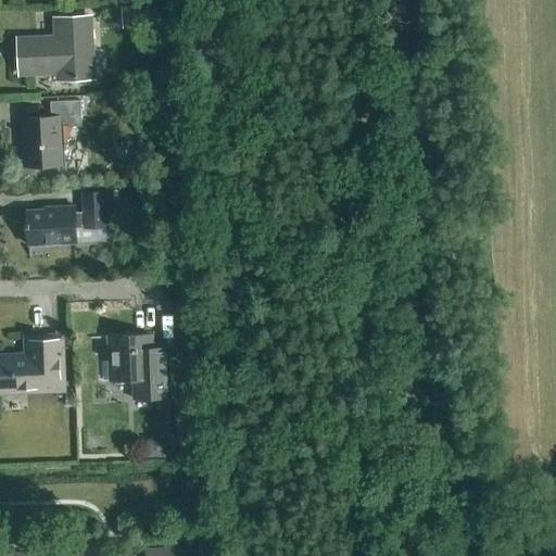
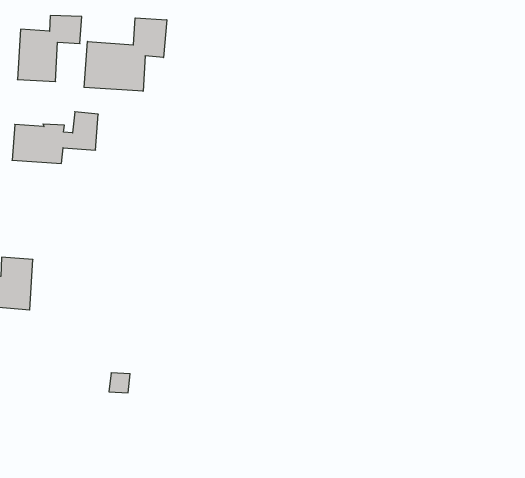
building: none -> [84,18,167,91]
building: [102,334,169,399] -> none

